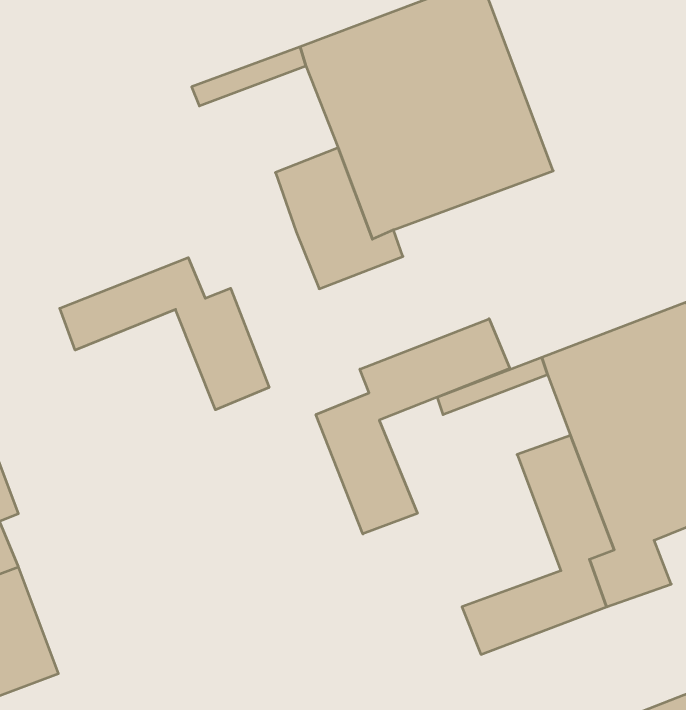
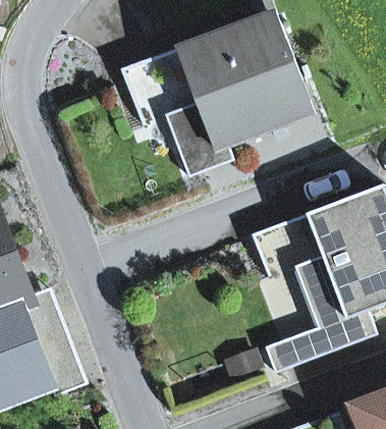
building: [60,258,269,410] -> none
building: [316,319,510,534] -> none

